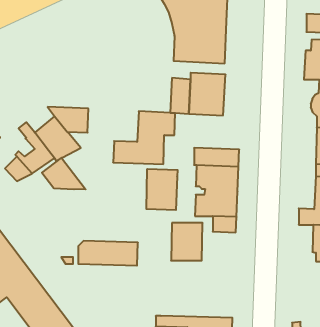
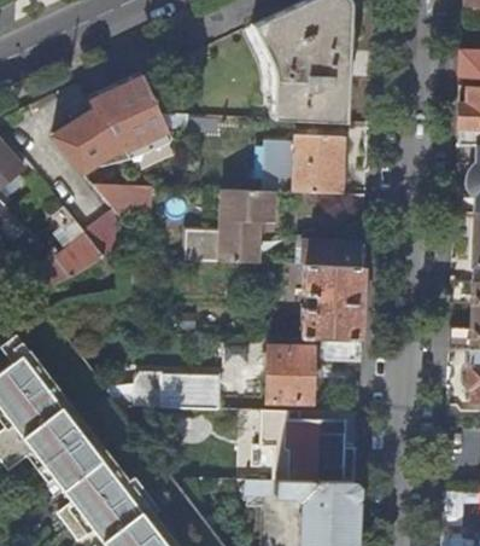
building: none -> [53,76,166,169]
building: [42,158,86,189] -> none
building: [146,169,178,210] -> none
building: none -> [254,410,357,482]

